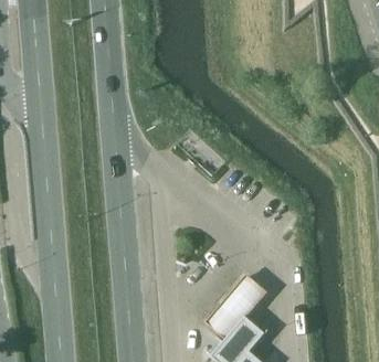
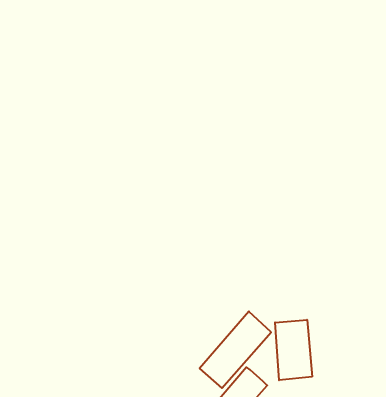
building: none -> [275,320,312,380]

